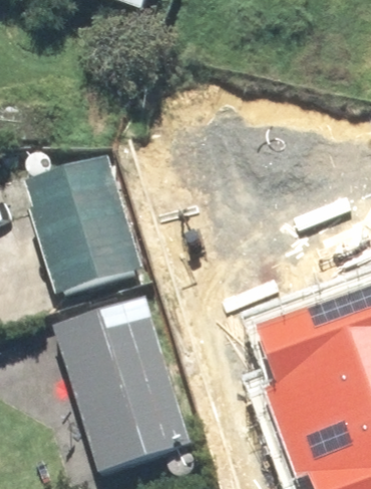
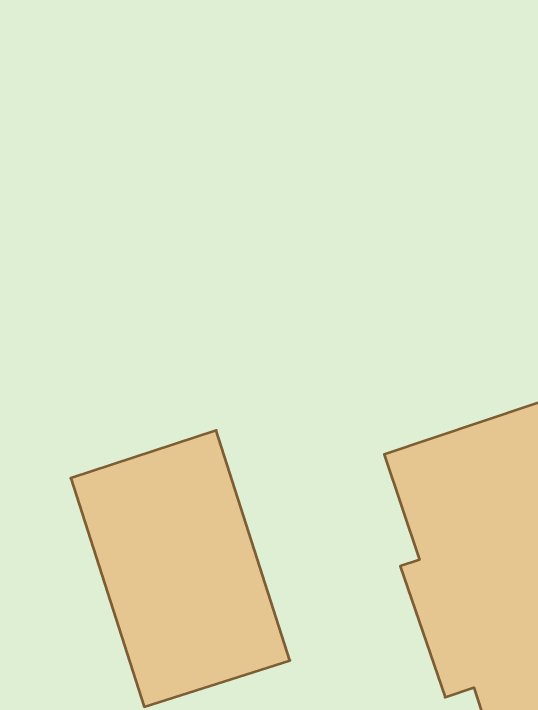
building: [24,157,142,299] -> none

